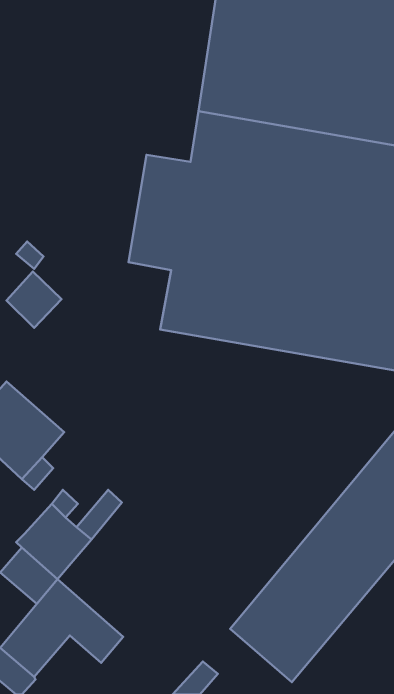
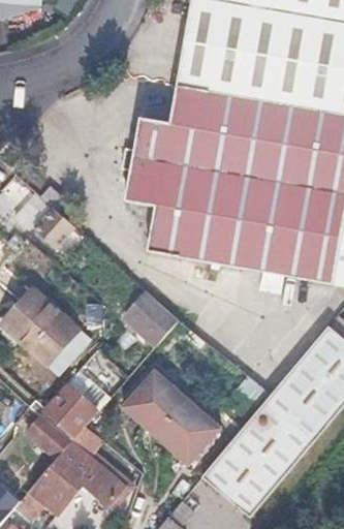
building: none -> [125,290,178,343]
building: none -> [123,369,221,464]

